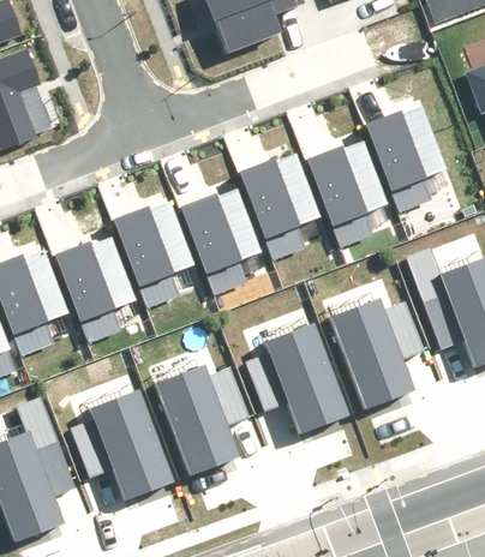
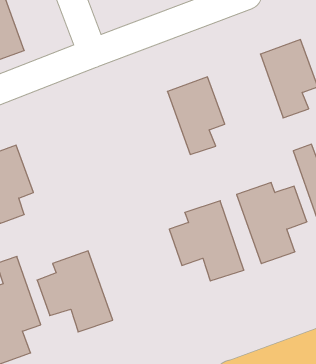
building: [309,140,384,244] -> none
building: [181,190,257,292] -> none
building: [115,205,190,307] -> none
building: [56,239,132,341] -> none
building: [158,363,251,469] -> none

